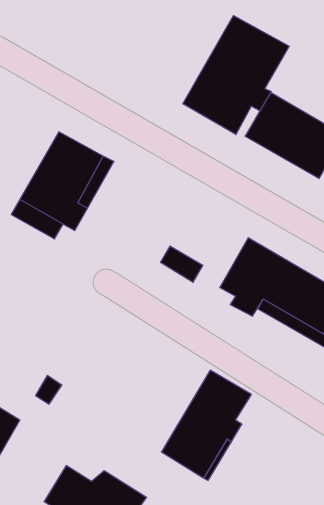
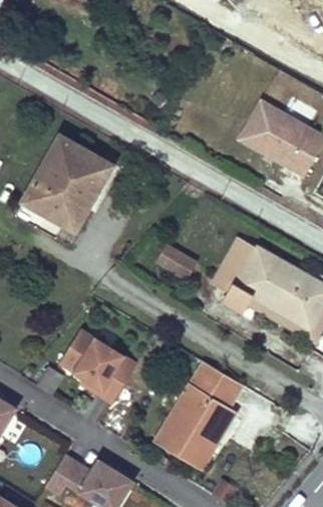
building: [183,16,289,135] -> none
building: none -> [53,323,138,403]

